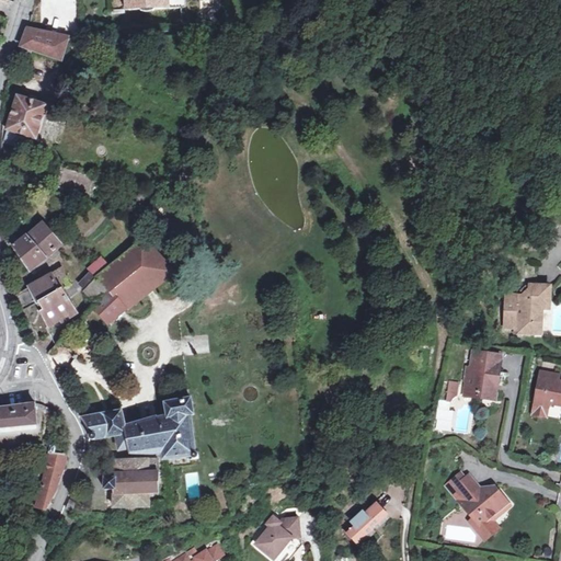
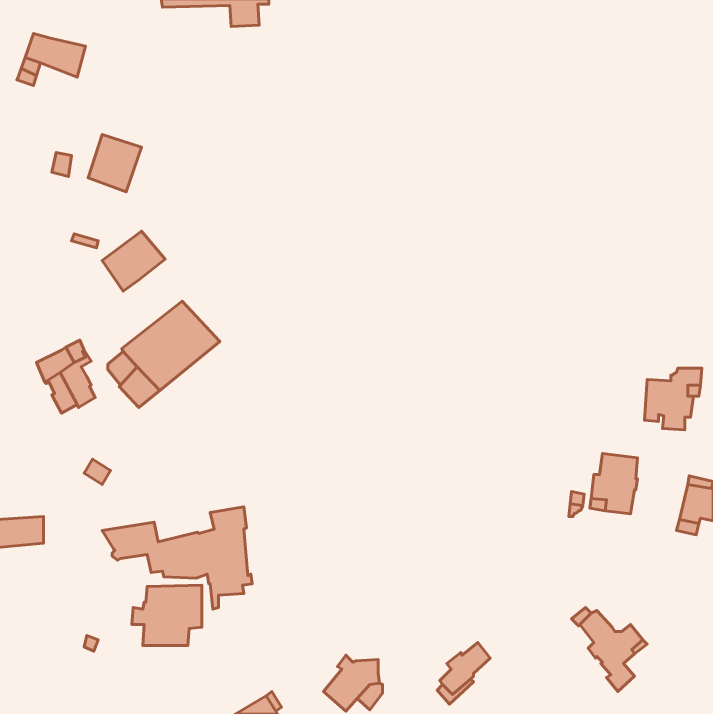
building: [5,94,47,139] -> [88,134,141,192]
building: [12,221,61,268] -> [102,231,165,291]
building: [33,445,62,511] -> none

